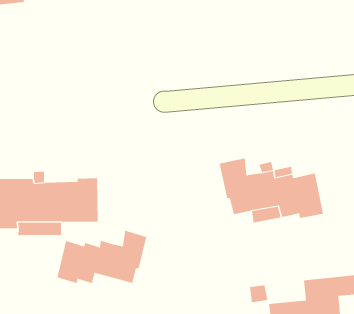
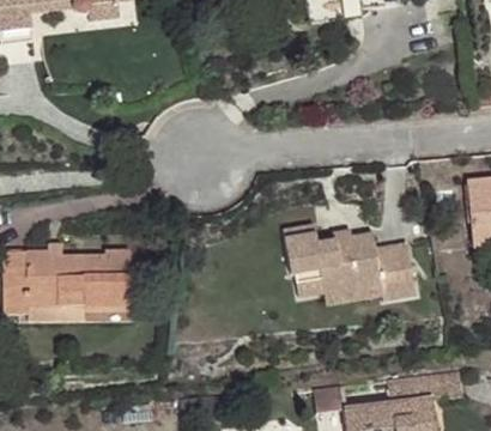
building: [57,230,147,284] -> none

